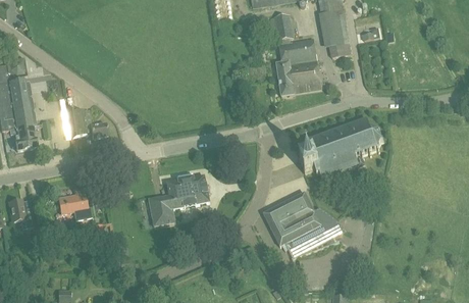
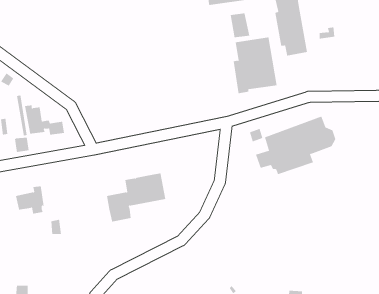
building: [263,191,344,257] -> none

